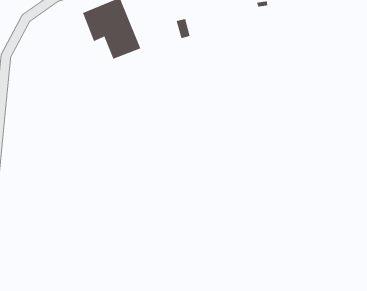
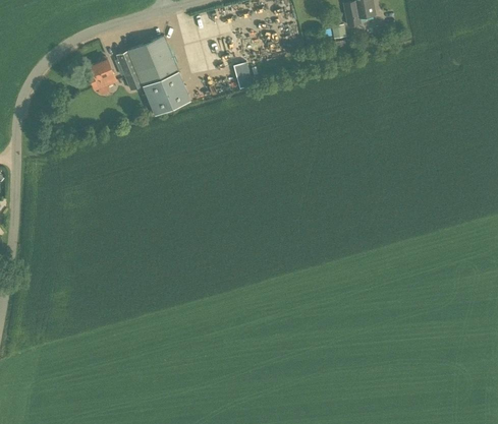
building: none -> [90,56,116,88]

